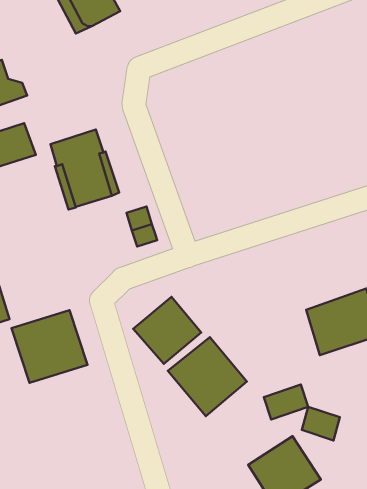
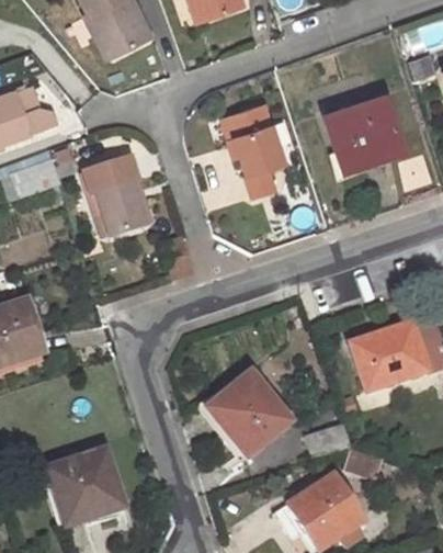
building: none -> [323,94,402,169]
building: none -> [230,103,287,196]
building: [133,297,201,364] -> none
building: [11,310,87,383] -> [46,451,125,527]

